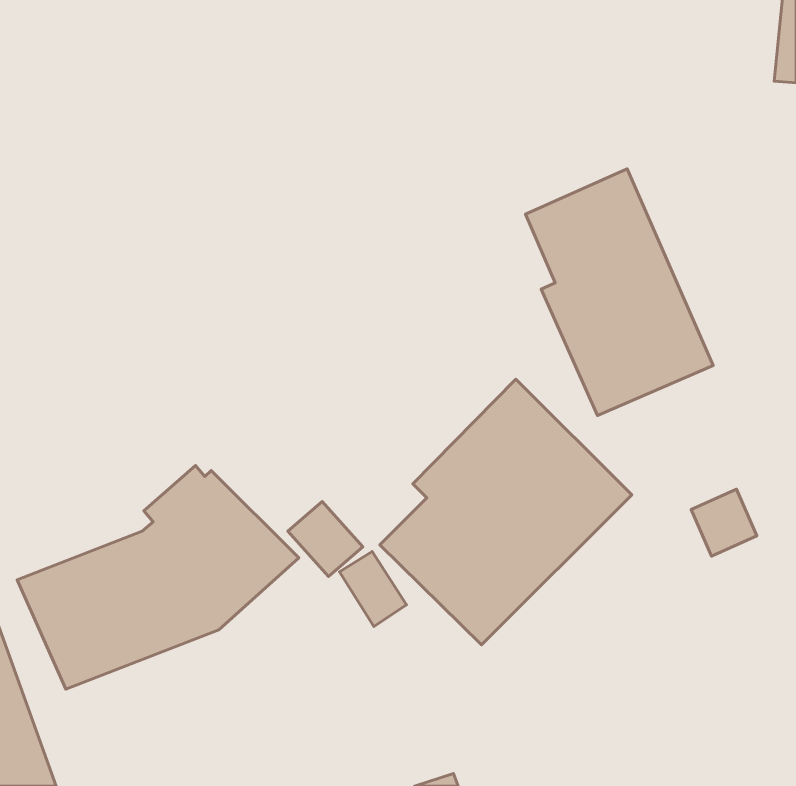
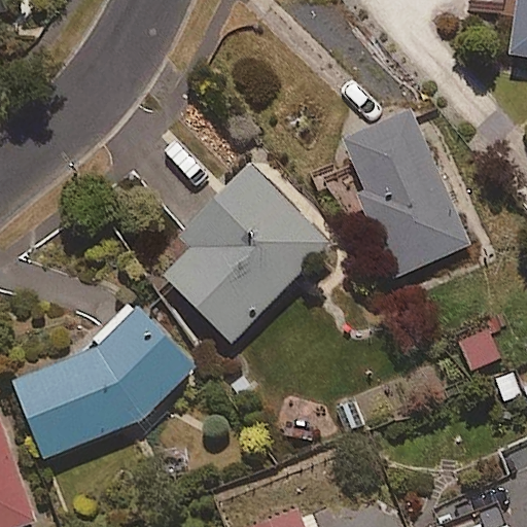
building: [380,379,632,645] -> [163,167,328,342]

